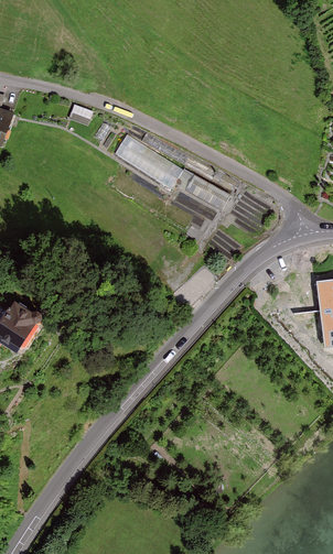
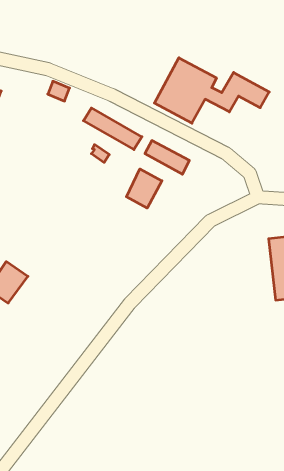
building: none -> [154,58,269,123]
building: none -> [126,169,162,208]

